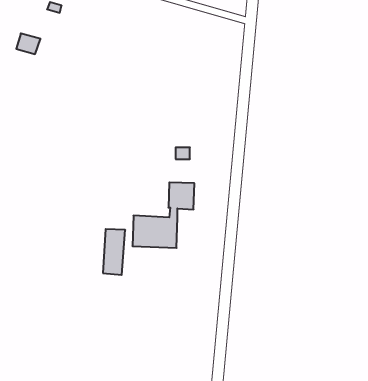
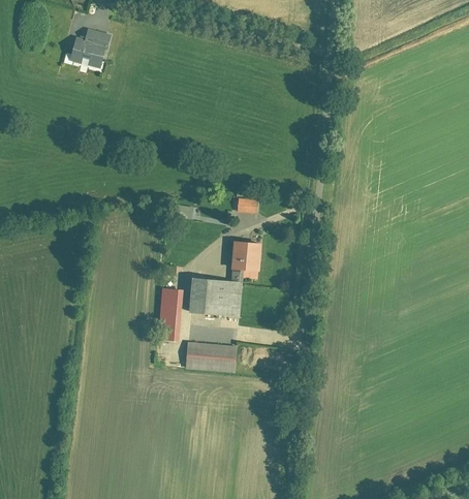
building: [16,33,41,54] -> [74,40,102,64]
building: none -> [186,342,239,372]

